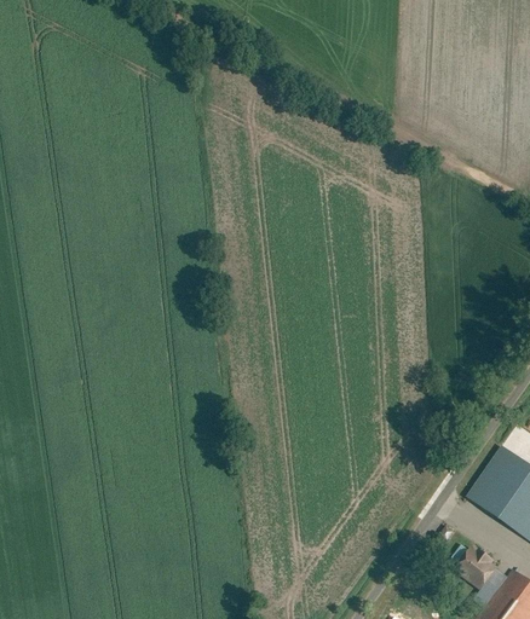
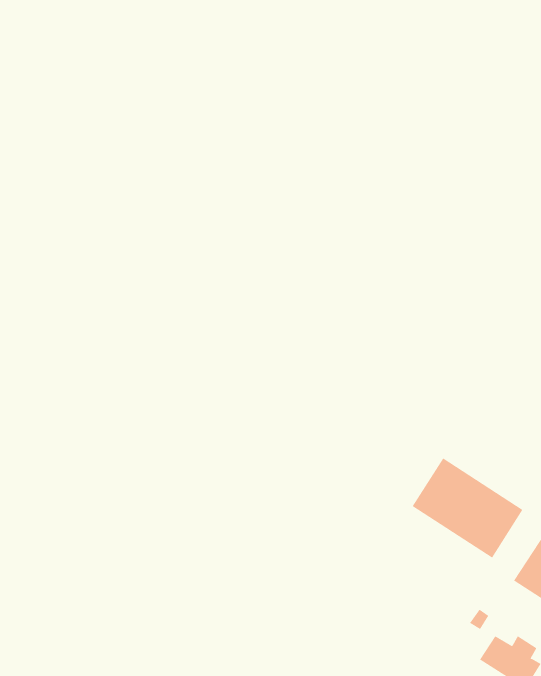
building: none -> [412,458,523,559]

